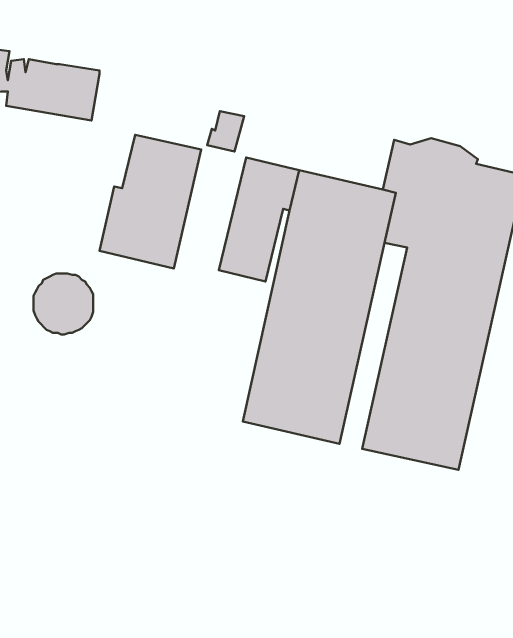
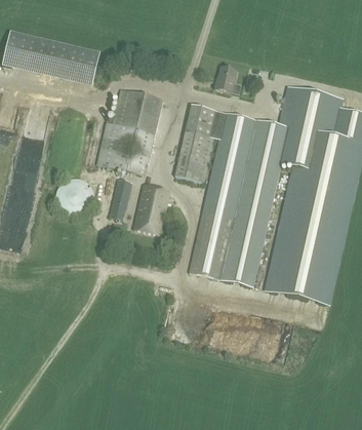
building: [207,111,244,151] -> [214,67,238,92]
building: none -> [112,179,132,209]
building: none -> [133,185,170,234]

